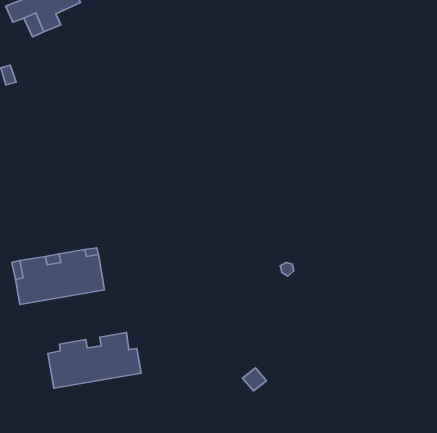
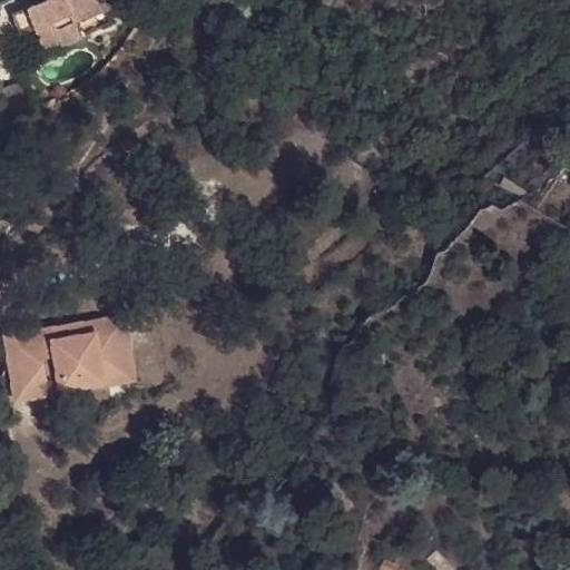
building: [48,332,141,388] -> none

